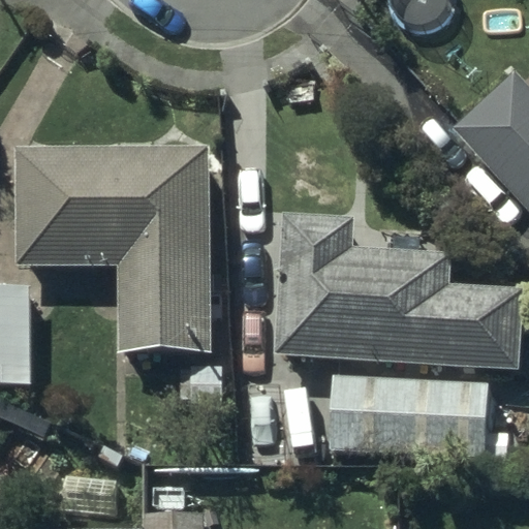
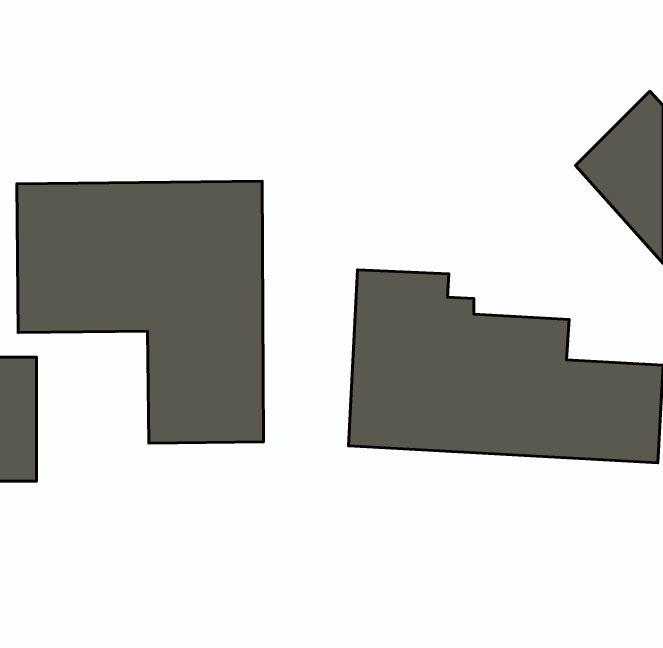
building: [332,373,505,458] -> none

